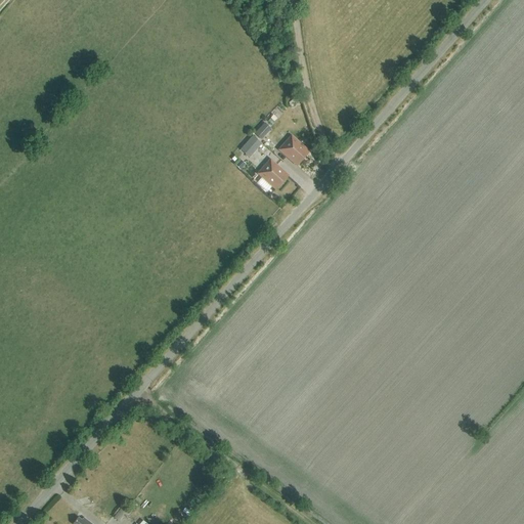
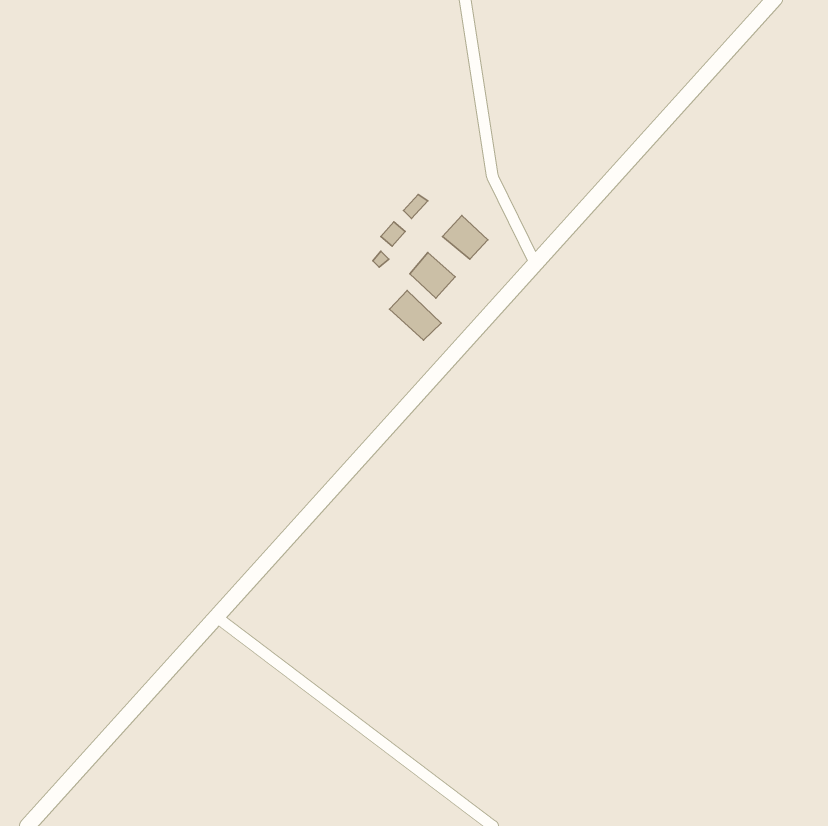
building: none -> [390,290,441,340]

